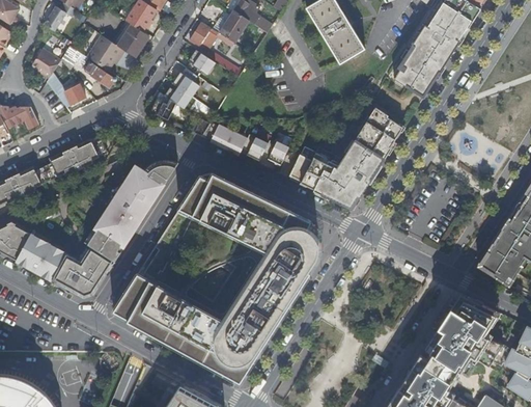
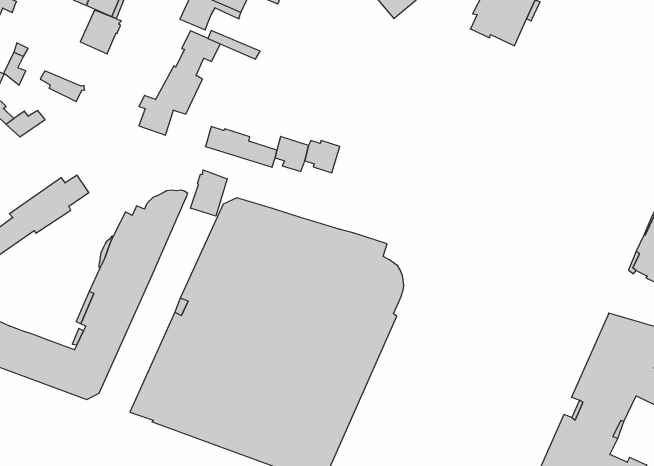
building: [86,35,124,71] -> none
building: [289,108,401,209] -> none
building: none -> [190,170,227,216]

